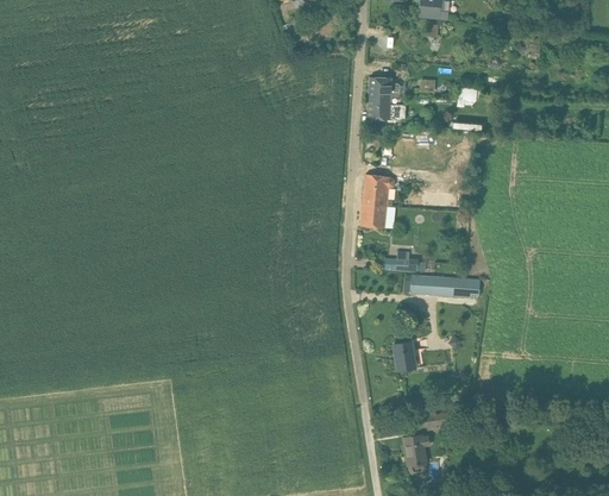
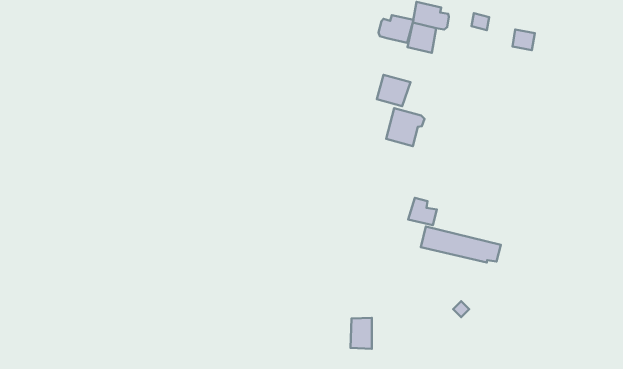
building: none -> [379,15,413,43]
building: [360,203,388,228] -> [377,75,411,106]
building: [394,341,416,371] -> [350,318,372,349]

